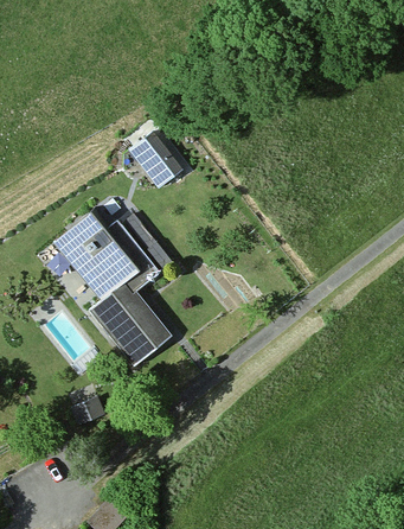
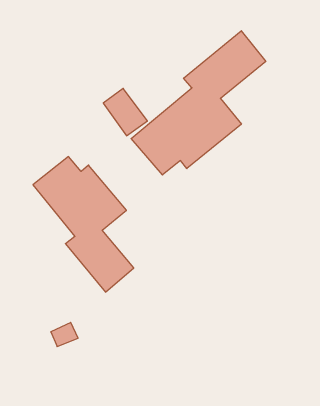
building: none -> [131,31,266,175]

